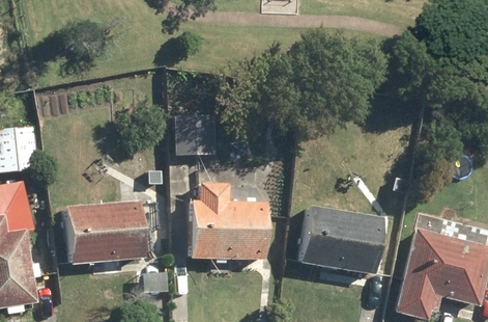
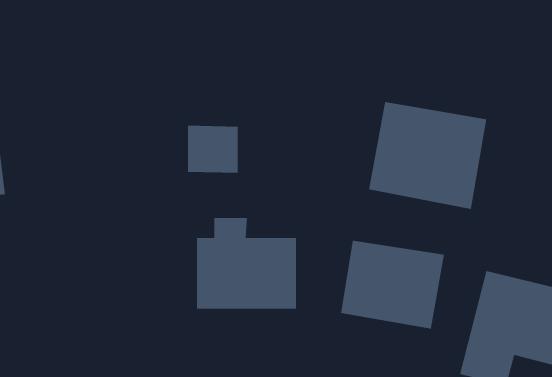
building: none -> [368,101,487,210]
building: [67,198,147,267] -> none

